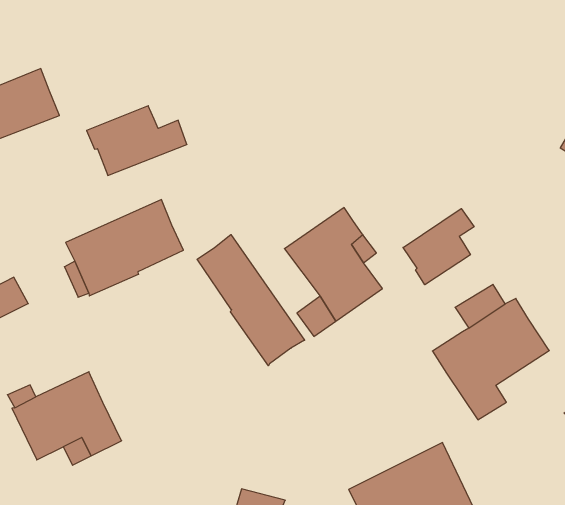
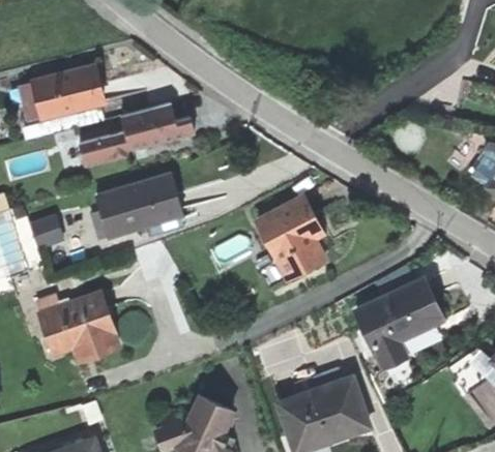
building: none -> [79,130,134,168]
building: [403,209,474,285] -> none
building: [197,235,305,366] -> none

